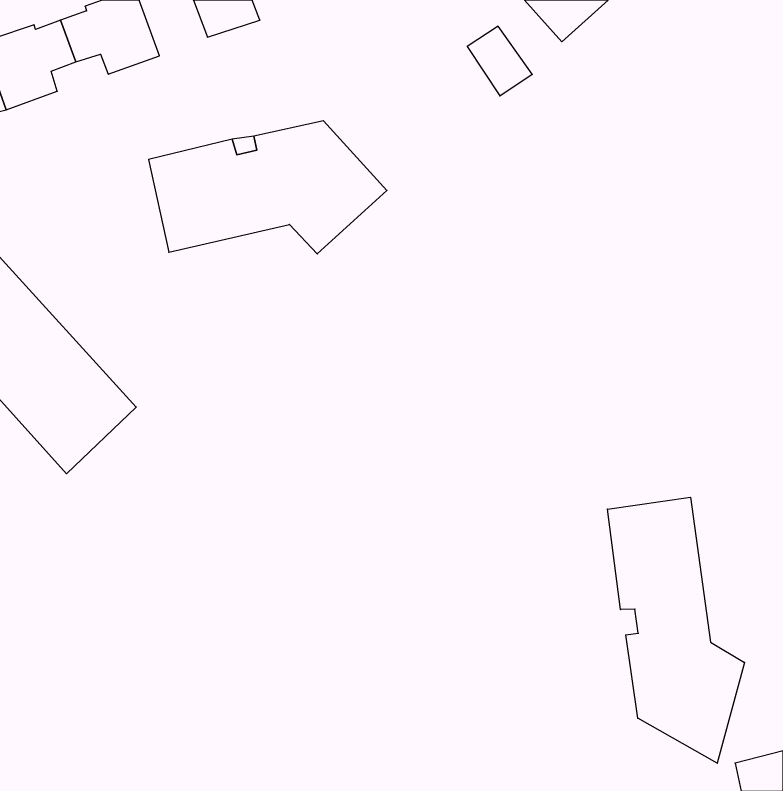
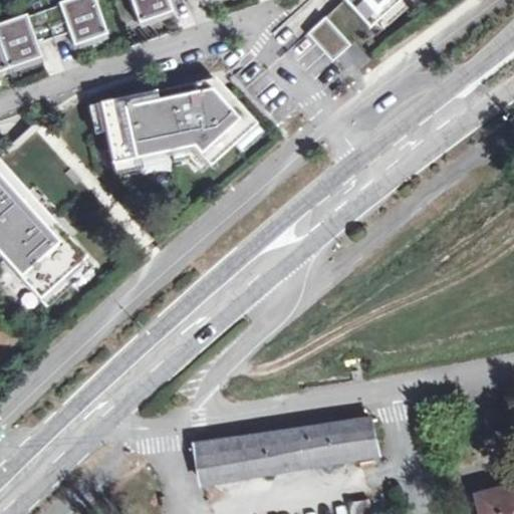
building: [607,497,745,763] -> none
building: none -> [193,418,376,484]

